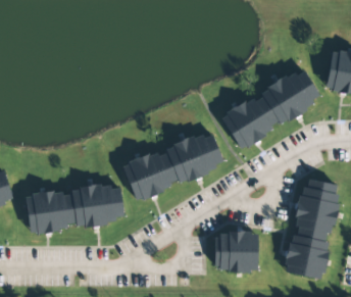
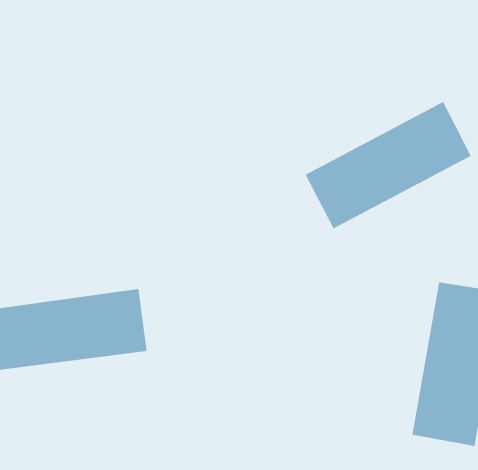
building: [122,133,225,198] -> none
building: [214,232,257,270] -> none

